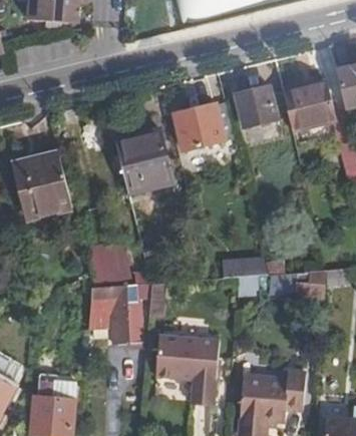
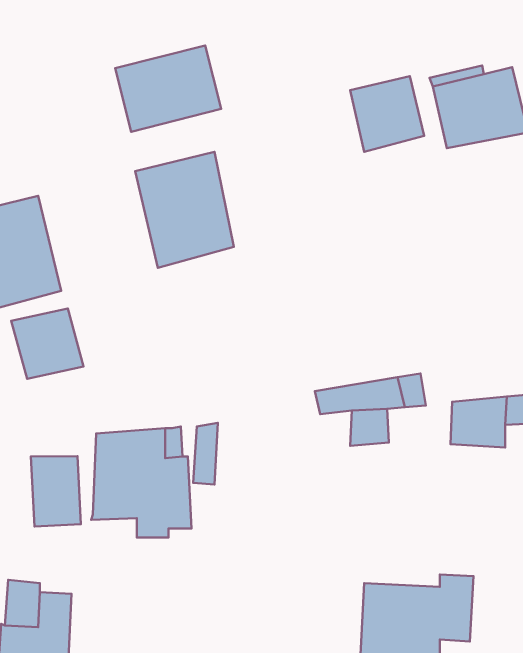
building: [172,102,233,151] -> [115,45,221,132]
building: [88,241,129,281] -> [11,308,84,379]
building: none -> [31,456,81,527]
building: [153,335,217,405] -> none

